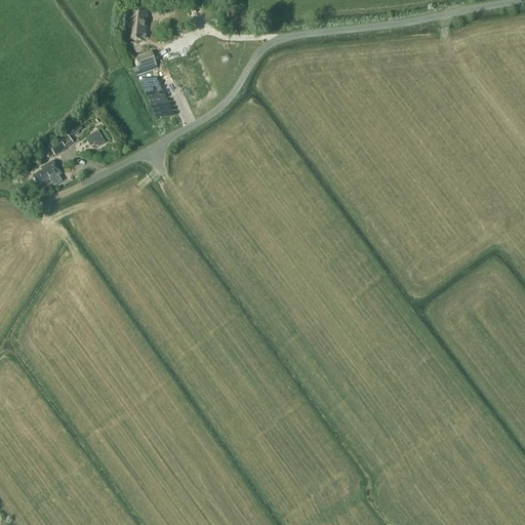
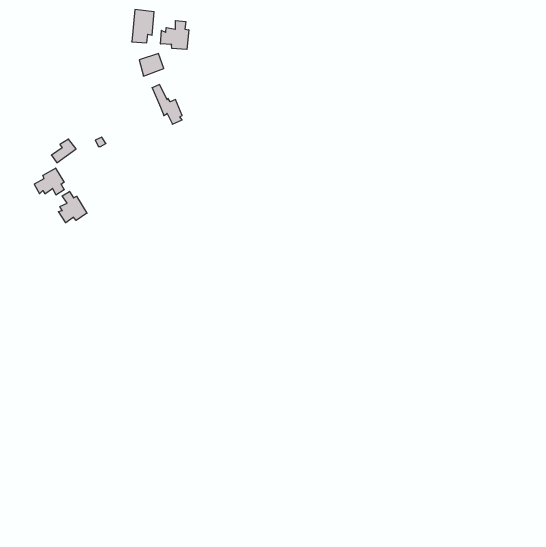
building: none -> [161,21,189,49]
building: none -> [58,191,87,223]

